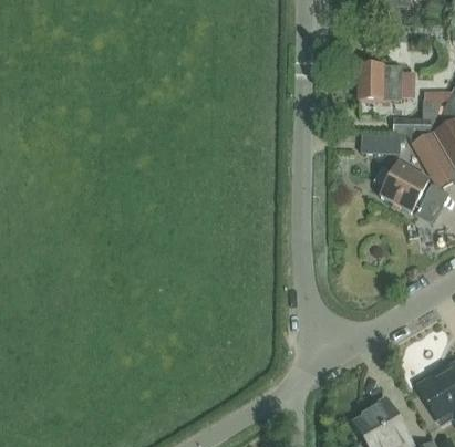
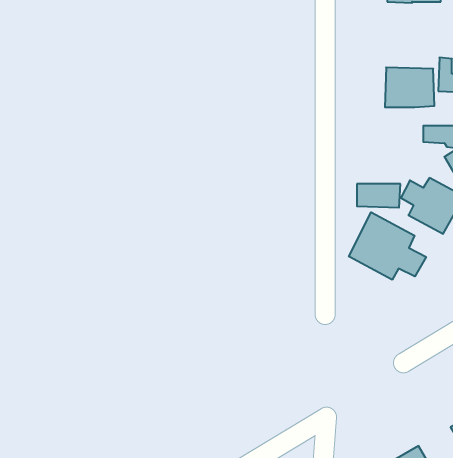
building: [361,132,400,153] -> [357,184,400,208]
building: none -> [349,212,426,280]

